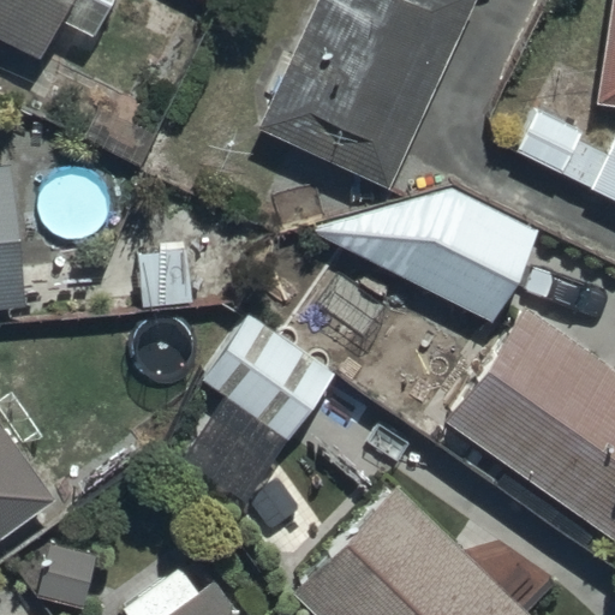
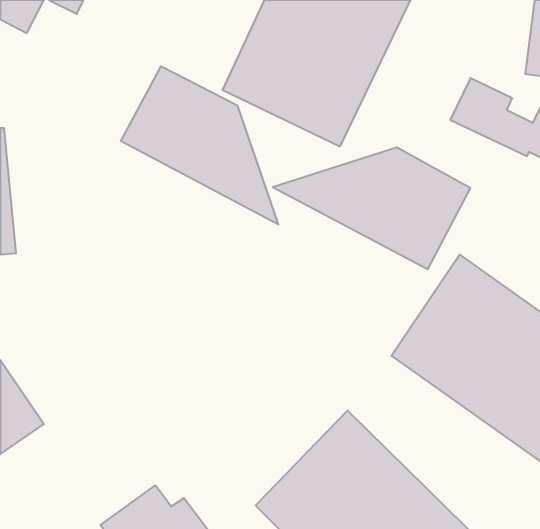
building: none -> [121,66,278,225]
building: [180,312,334,502] -> none

